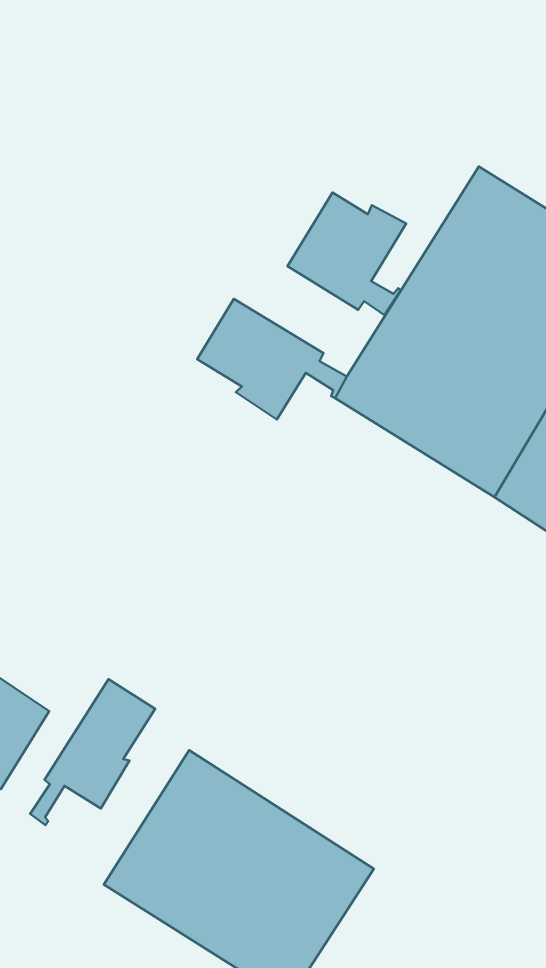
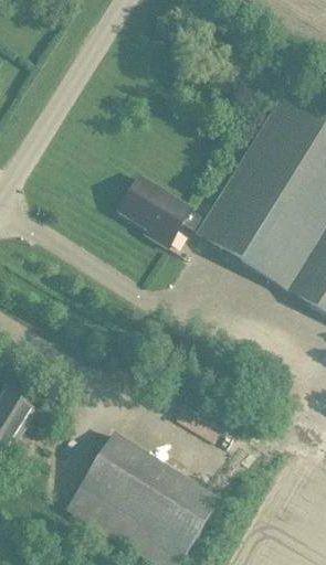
building: [287,192,406,315] -> none
building: [30,679,155,825] -> none

